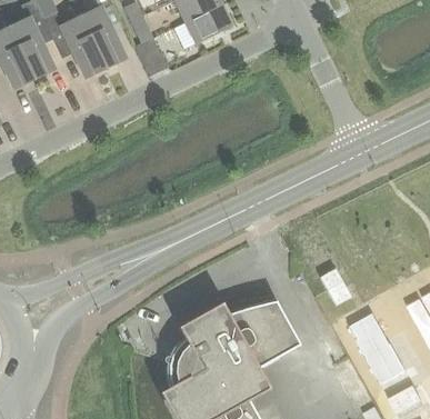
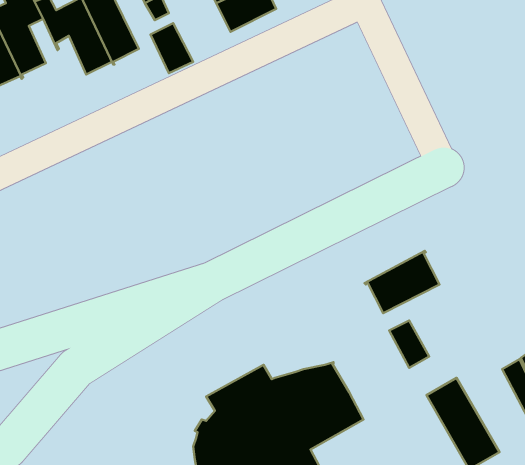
building: none -> [365,251,439,313]

